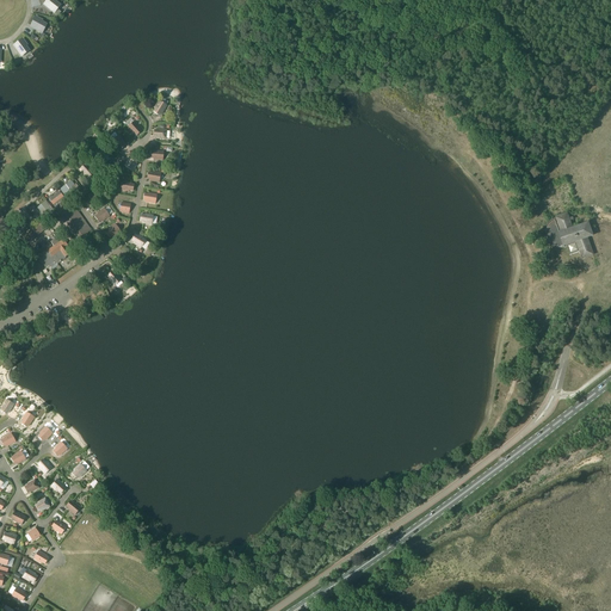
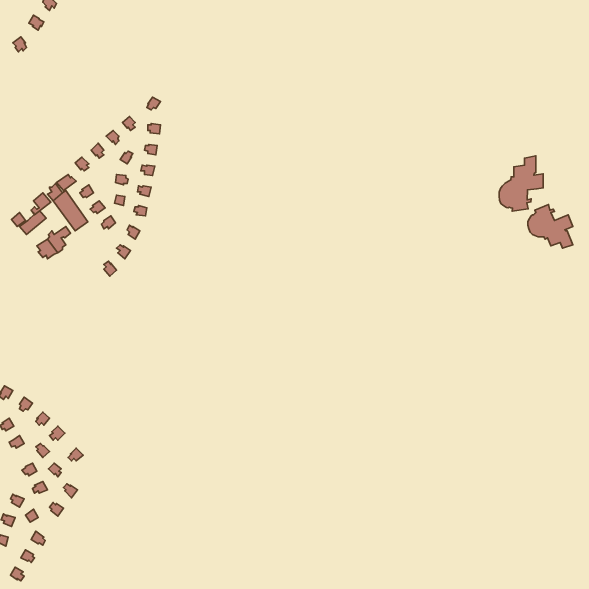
building: none -> [499,156,543,211]

